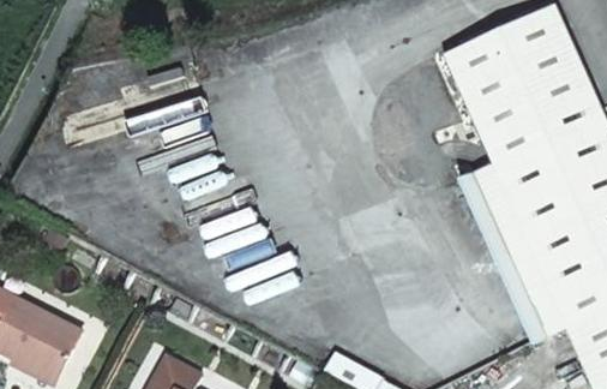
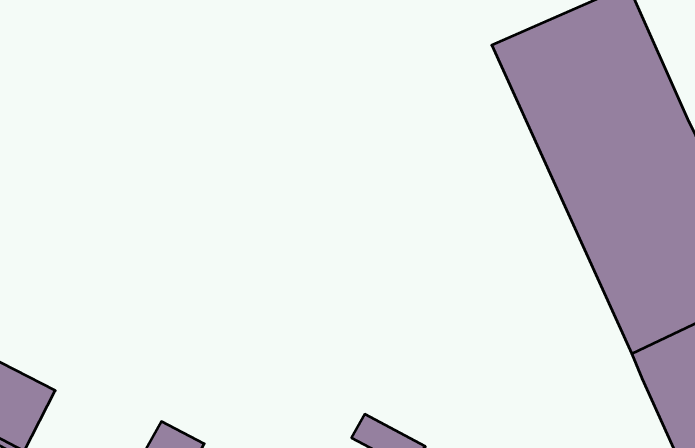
building: [453,160,560,335] -> none

